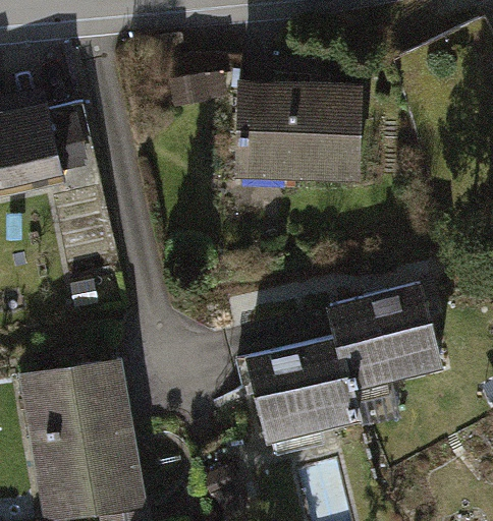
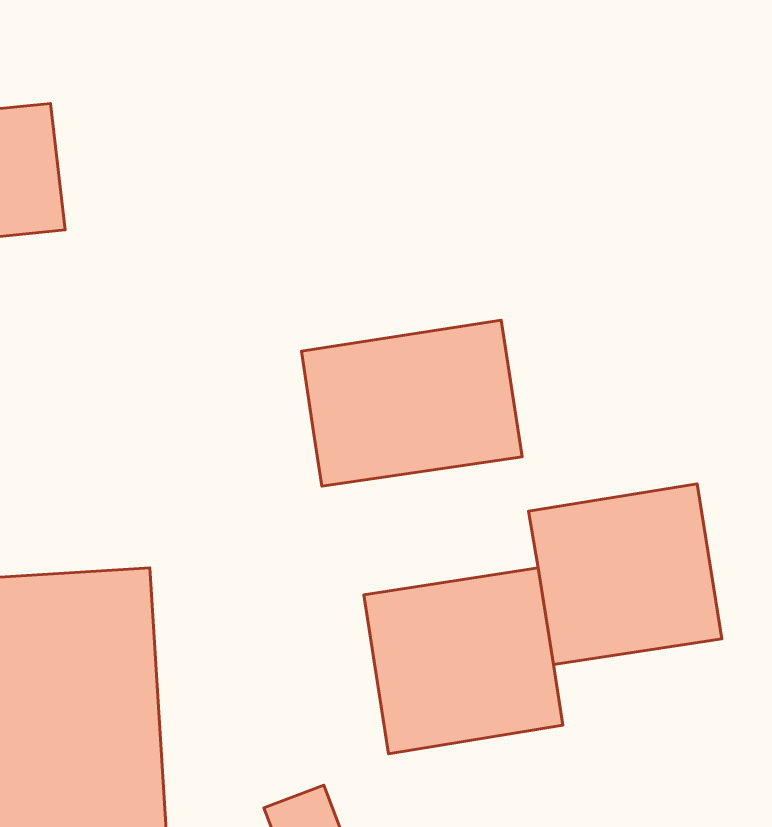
building: [238,82,360,182] -> none
building: none -> [302,320,522,486]

